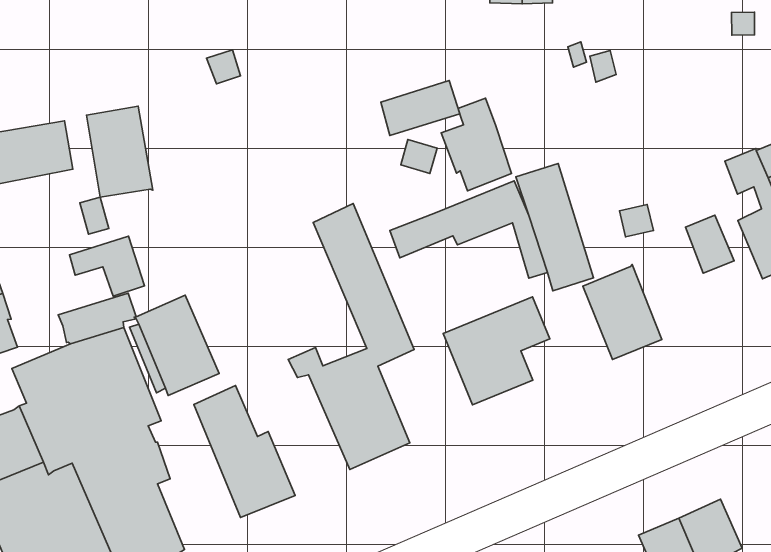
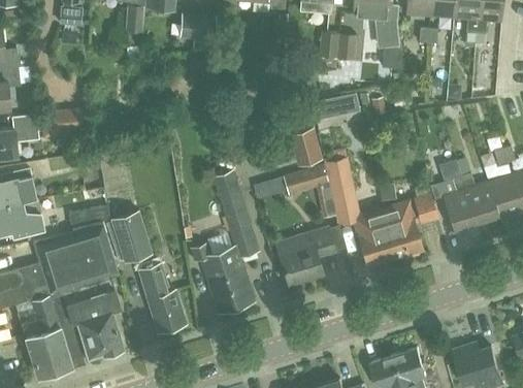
building: [381,81,460,136] -> [317,93,359,120]
building: [86,106,153,197] -> none
building: none -> [380,201,422,258]

